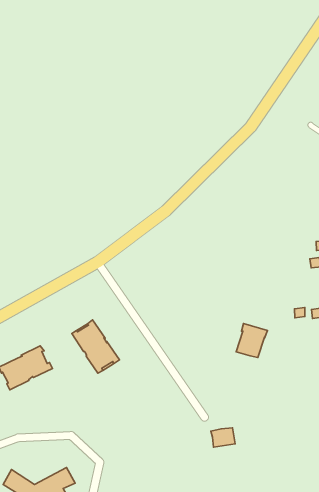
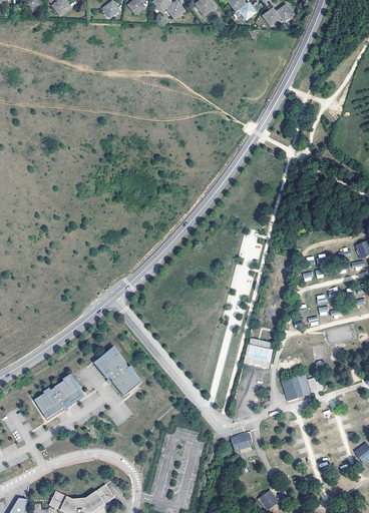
building: none -> [281,373,311,401]

